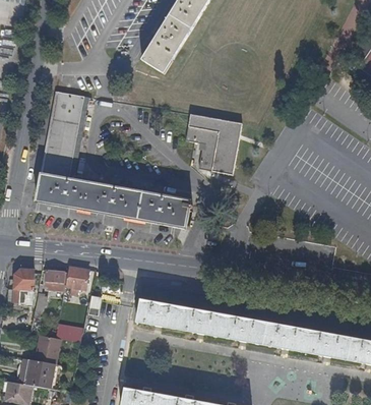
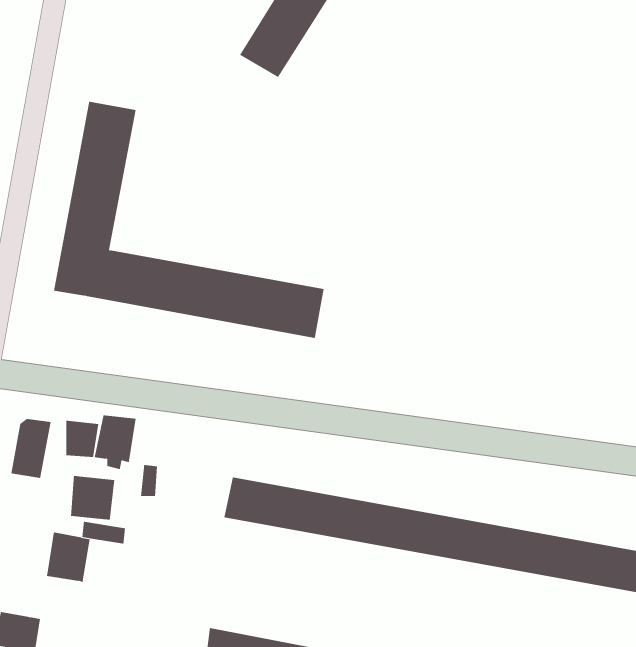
building: [186,108,241,170] -> none
building: none -> [70,475,115,520]
building: [23,355,52,384] -> none

